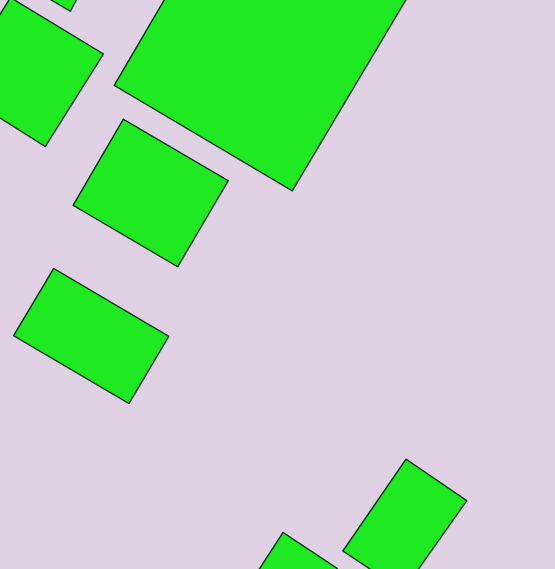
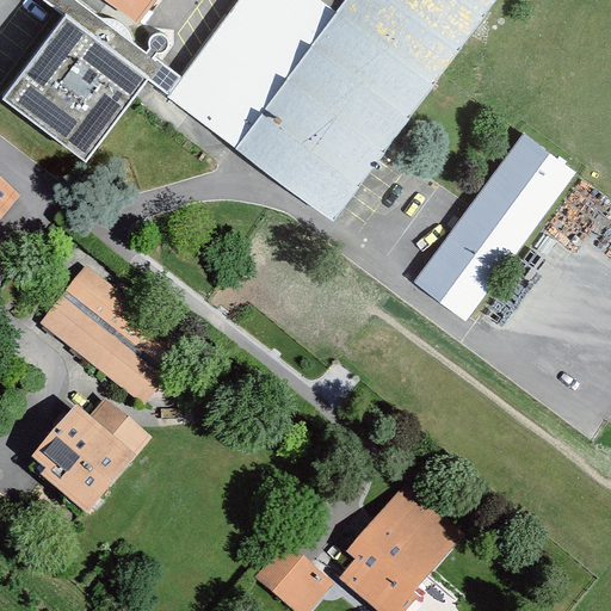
building: none -> [414,125,581,316]
building: [73,119,228,267] -> none
building: none -> [24,399,152,516]

